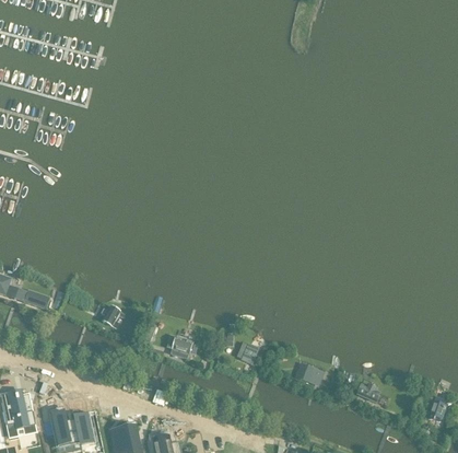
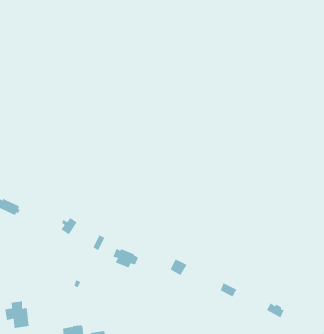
building: [69,409,93,441] -> none

